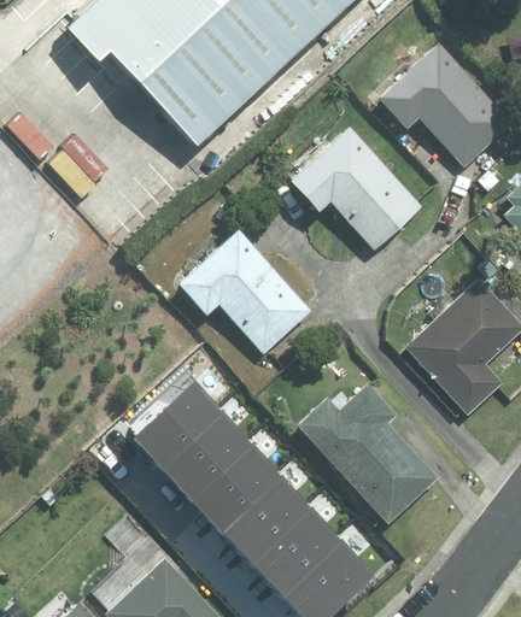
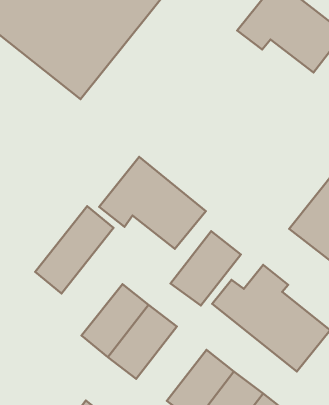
building: [293,129,421,248] -> none
building: none -> [35,206,114,293]
building: [193,445,283,533] -> [170,231,241,306]

